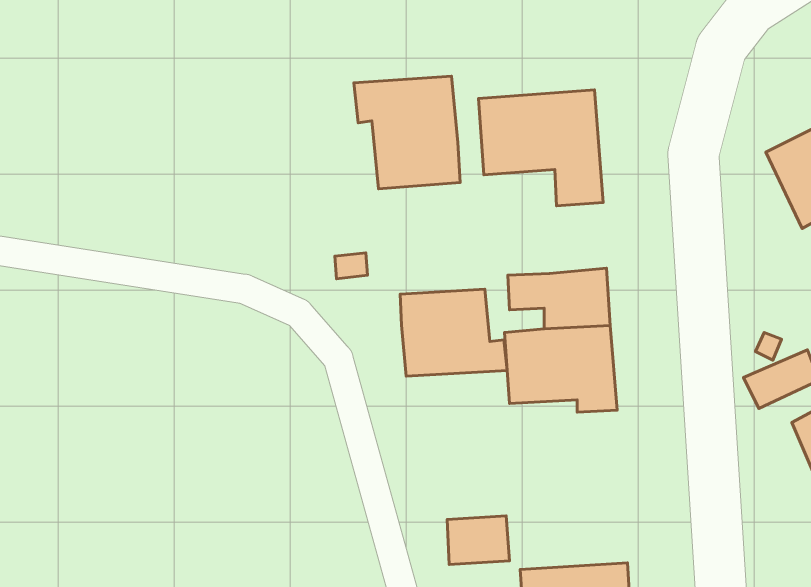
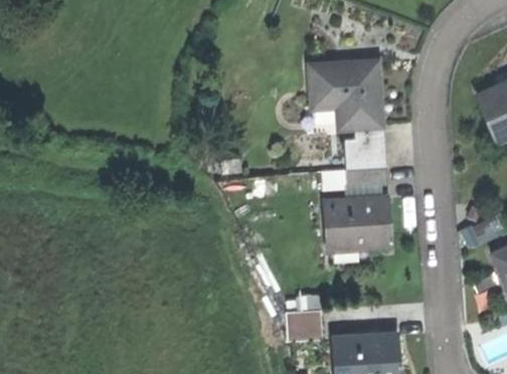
building: [354,76,460,189] -> none
building: none -> [348,128,383,169]
building: [400,289,507,376] -> none

